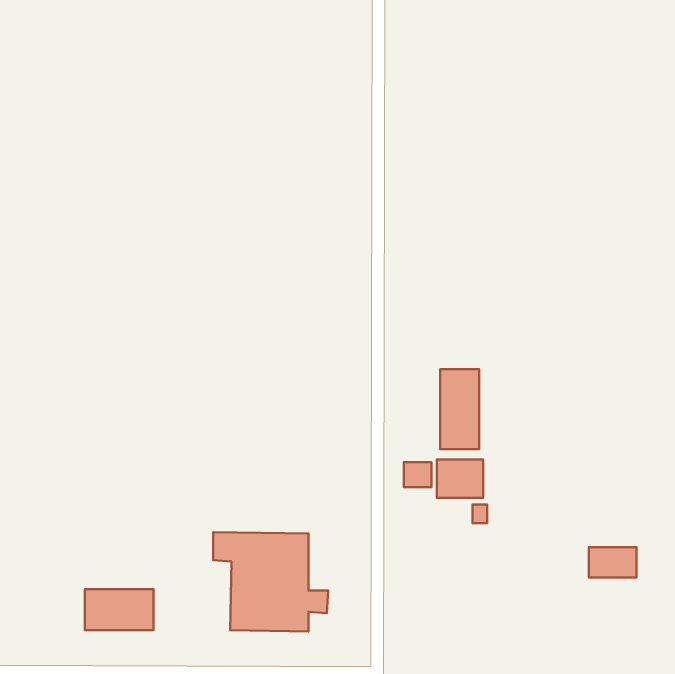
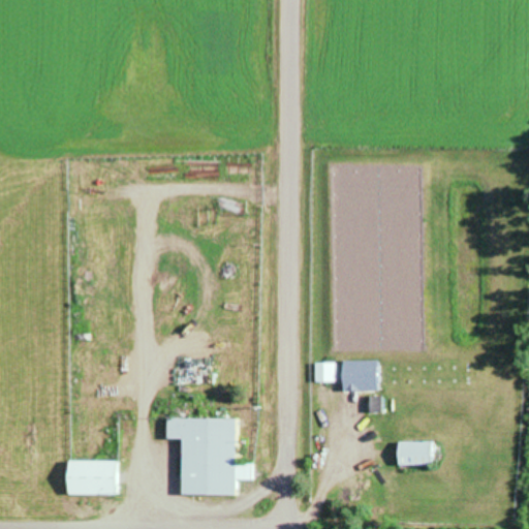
building: [440,369,479,449] -> none
building: [589,547,637,578] -> [397,440,434,464]

